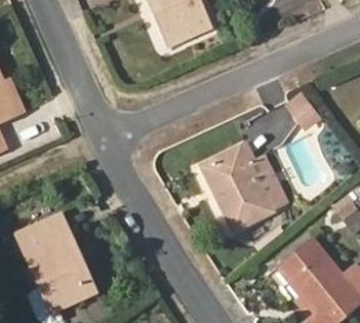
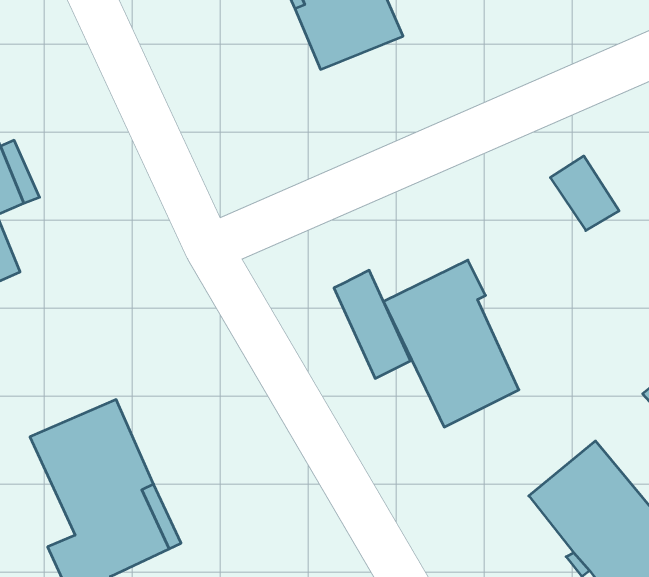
building: [250,154,290,210] -> [334,270,410,378]

